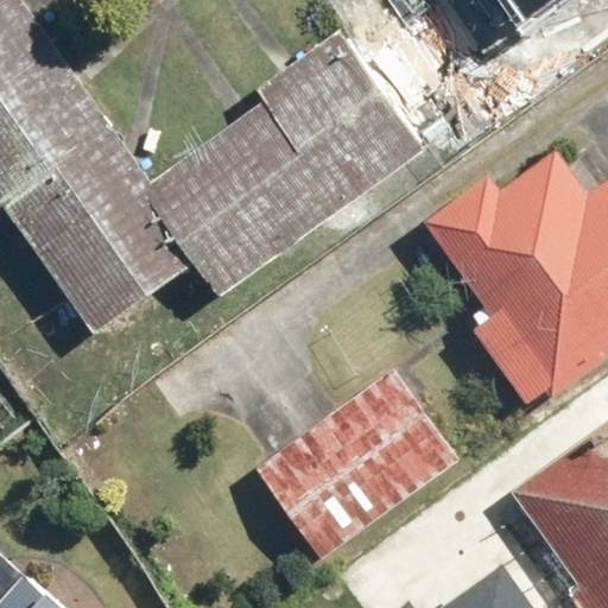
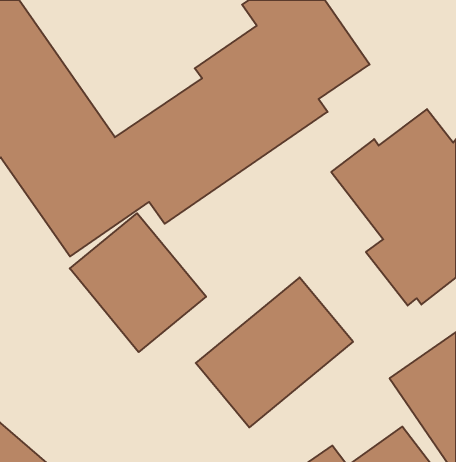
building: none -> [70,213,206,352]

